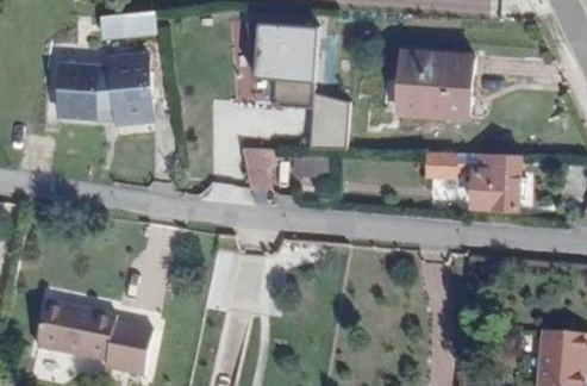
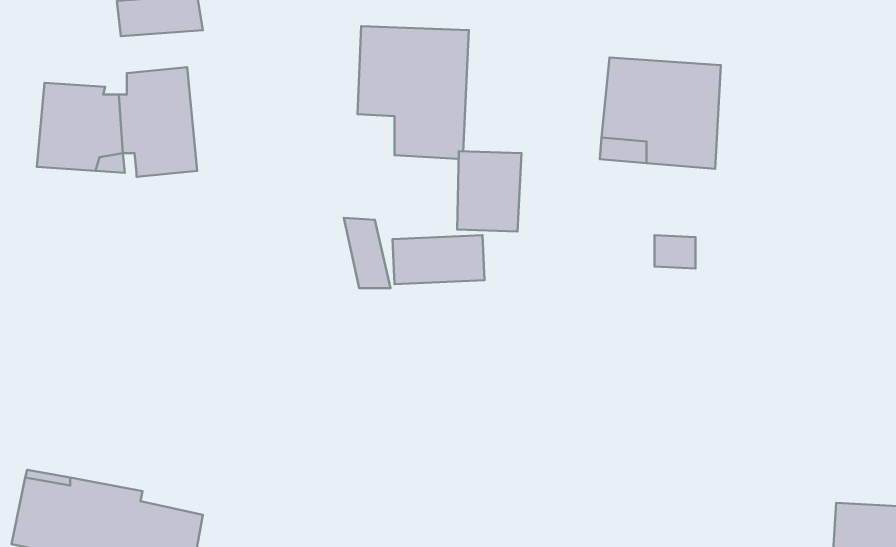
building: [474,152,523,208] -> none

